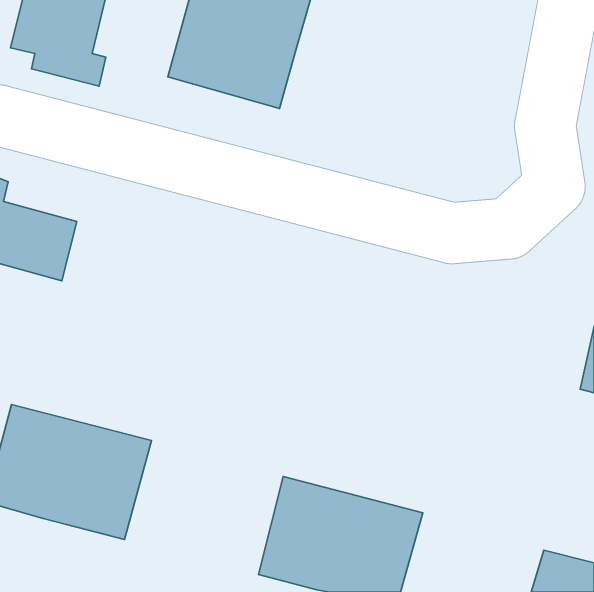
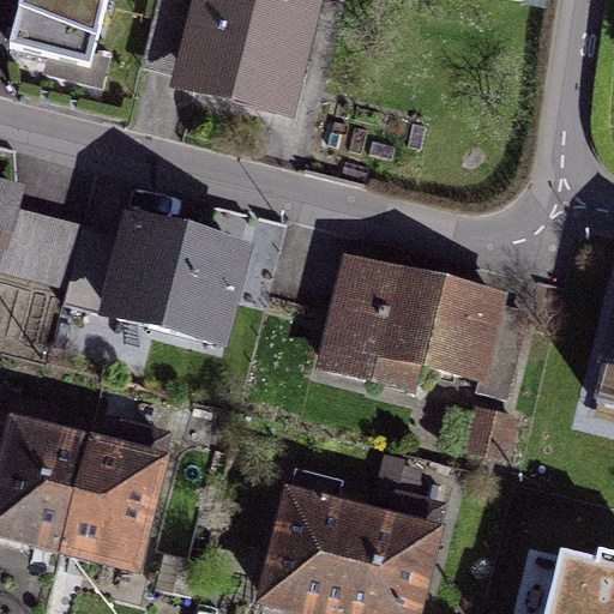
building: none -> [110,216,241,343]
building: none -> [320,266,496,387]

